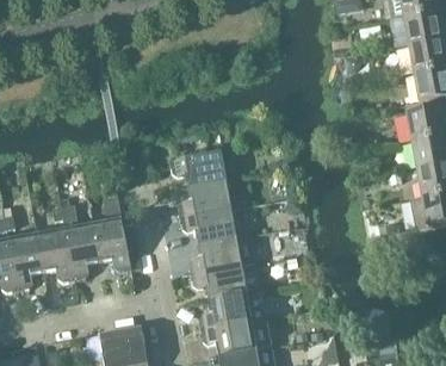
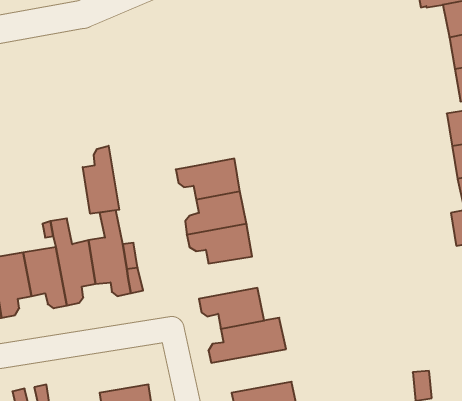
building: none -> [83,146,119,214]
building: [187,232,255,273] -> none
building: [200,317,271,355] -> none
building: [98,324,145,355] -> none

